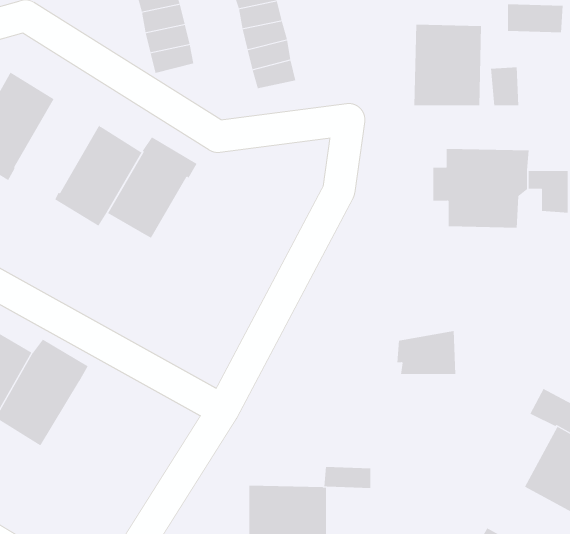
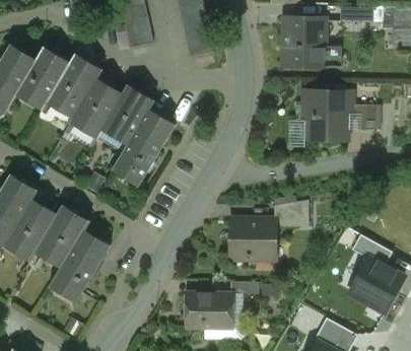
building: none -> [46,53,101,118]
building: none -> [110,109,175,187]
building: none -> [229,219,276,259]
building: none -> [48,230,110,302]

